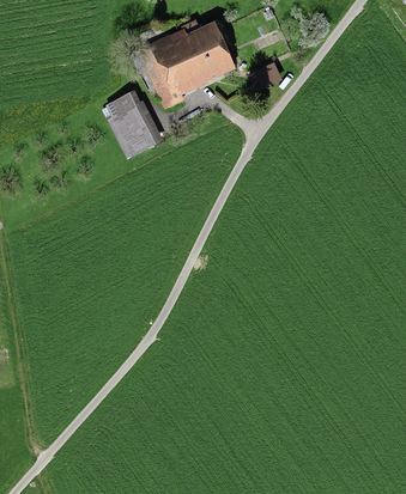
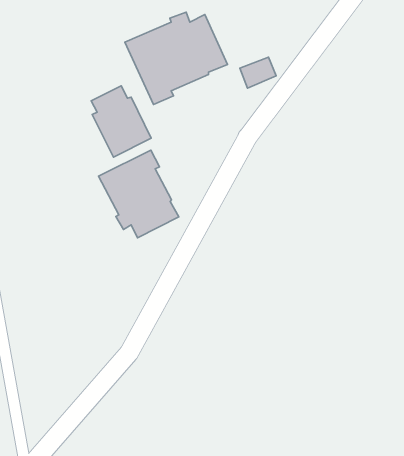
building: none -> [98,150,179,238]

